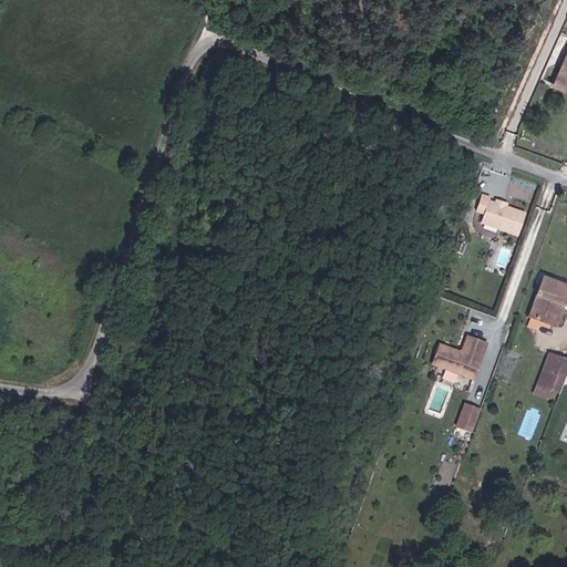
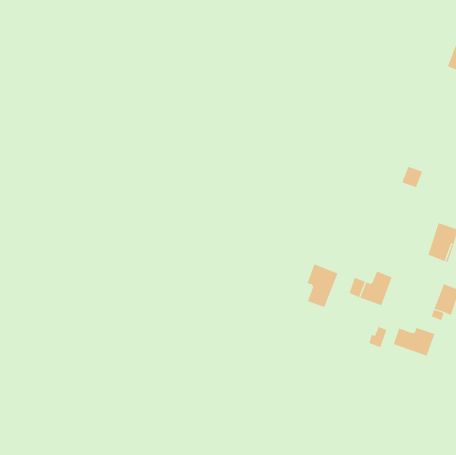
building: [475,193,506,226] -> none
building: none -> [307,264,338,308]
building: none -> [393,327,435,356]

